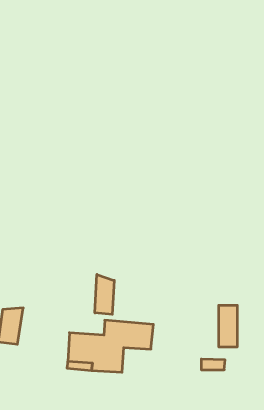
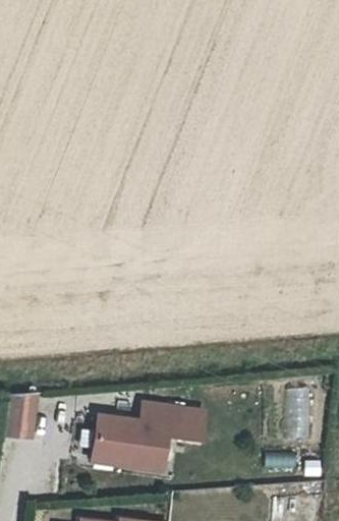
building: [95,274,114,314] -> none

